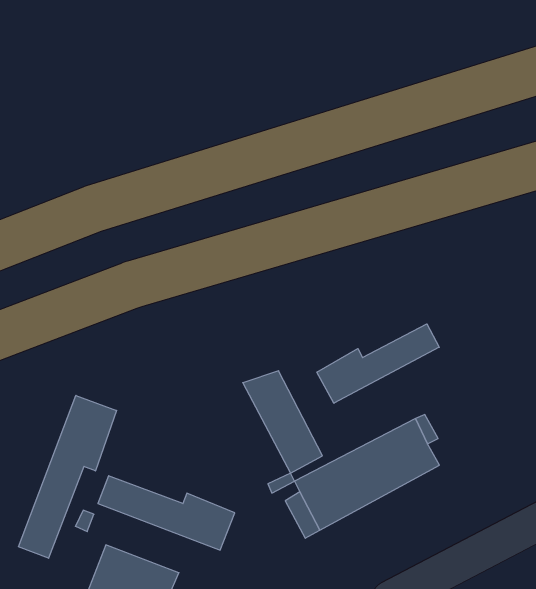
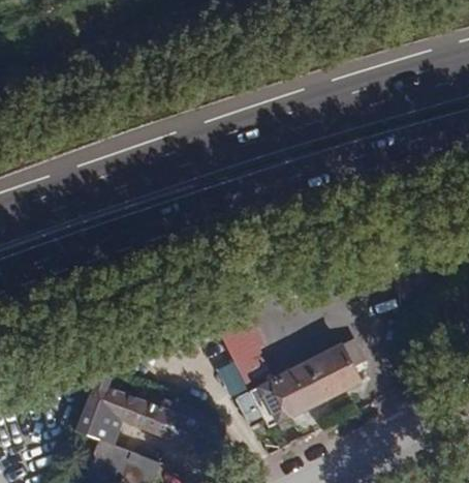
building: [317,324,439,403] -> none
building: [18,395,117,558] -> none

